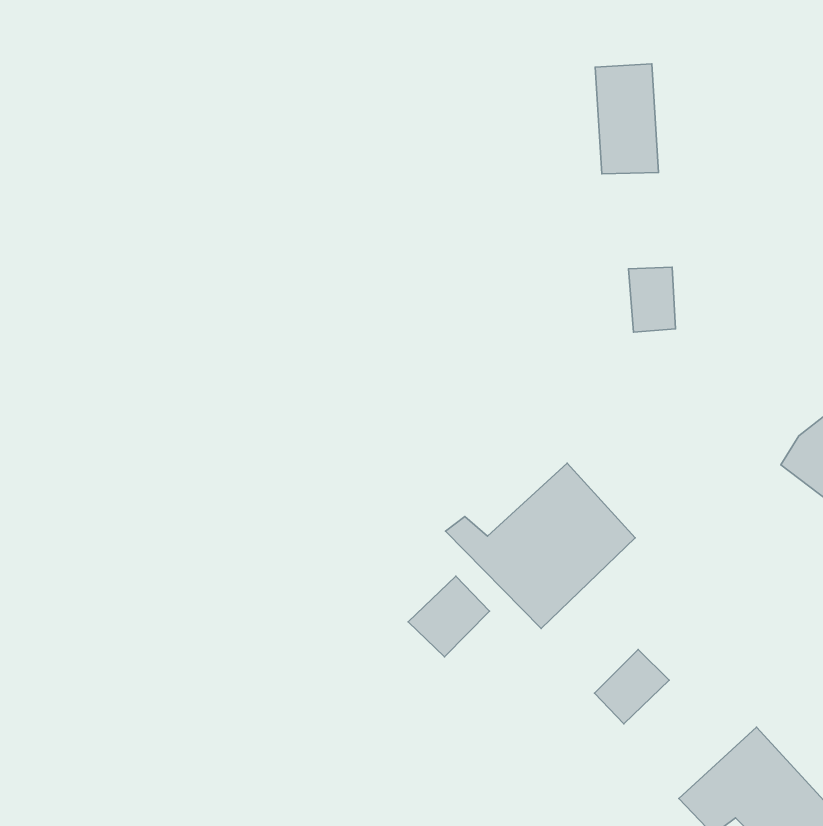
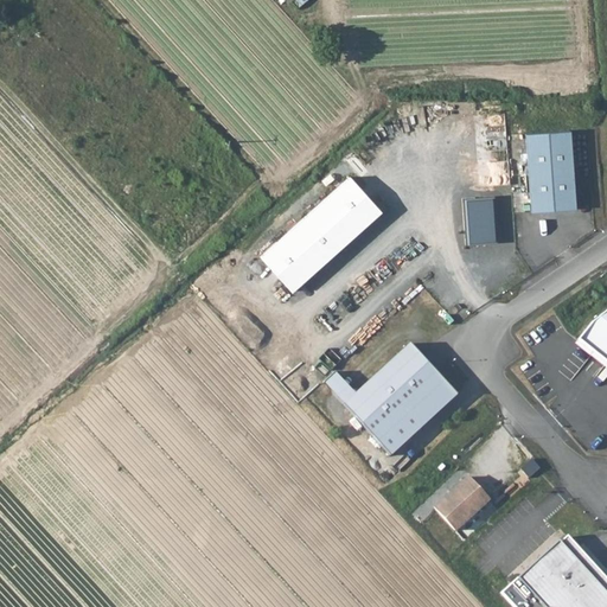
building: [595,64,658,174] -> [529,129,575,210]
building: none -> [260,178,381,292]
building: [408,576,490,657] -> none

